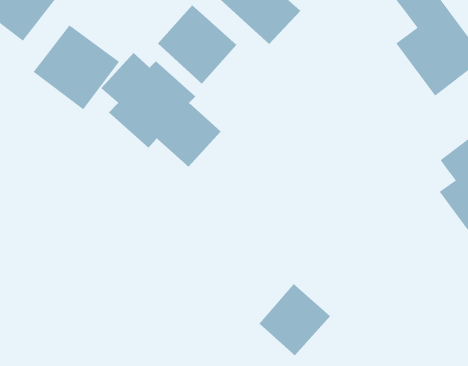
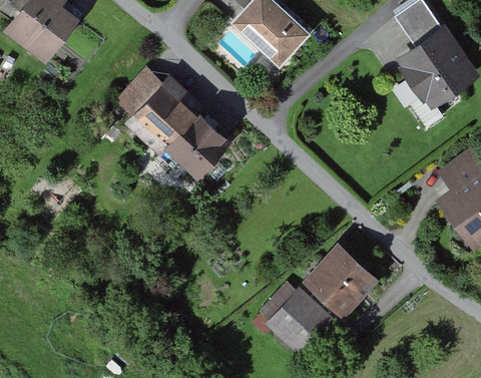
building: [157,5,237,85] -> none
building: [33,25,120,110] -> none
building: none -> [306,245,379,318]

